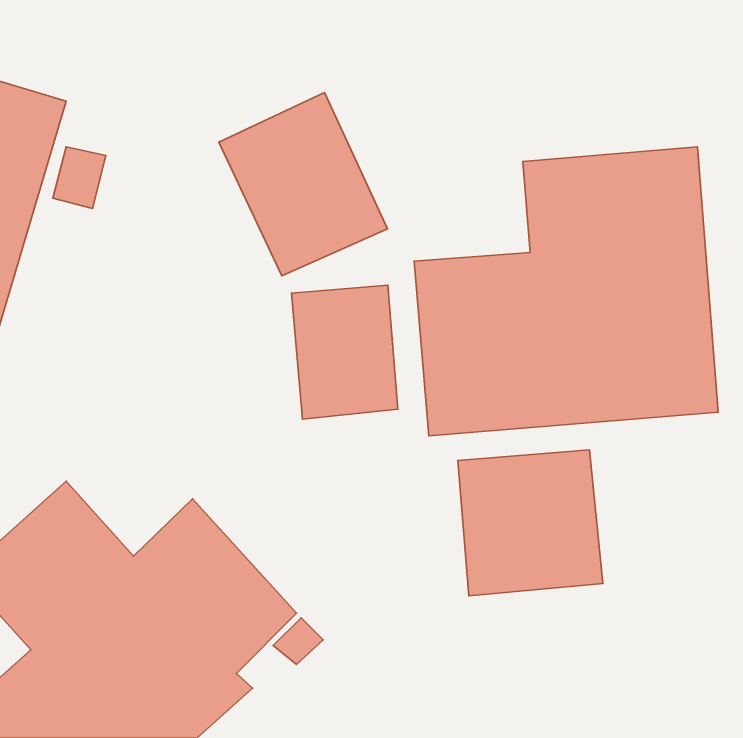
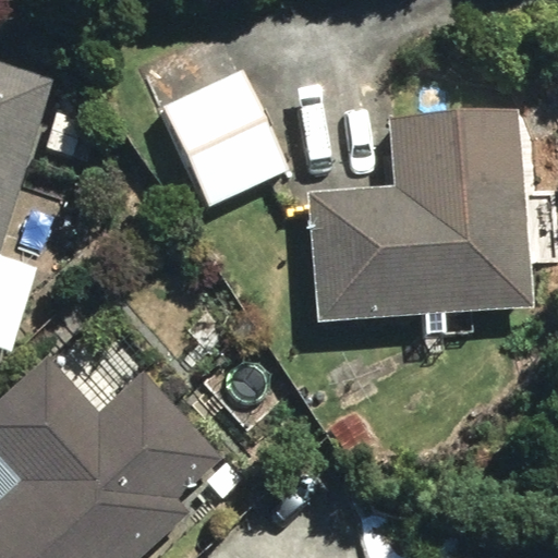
building: [291,285,398,419] -> none
building: [458,450,603,596] -> none

